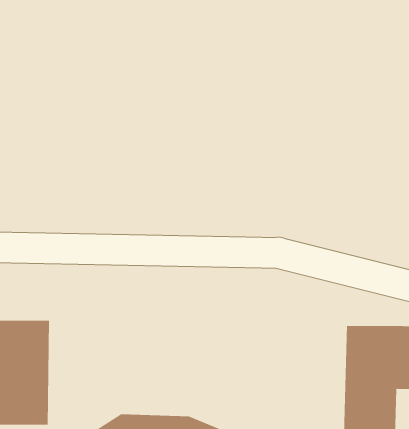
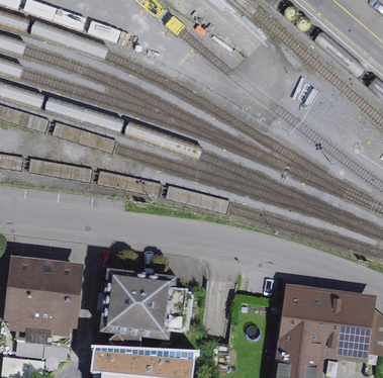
building: none -> [100,274,178,345]

